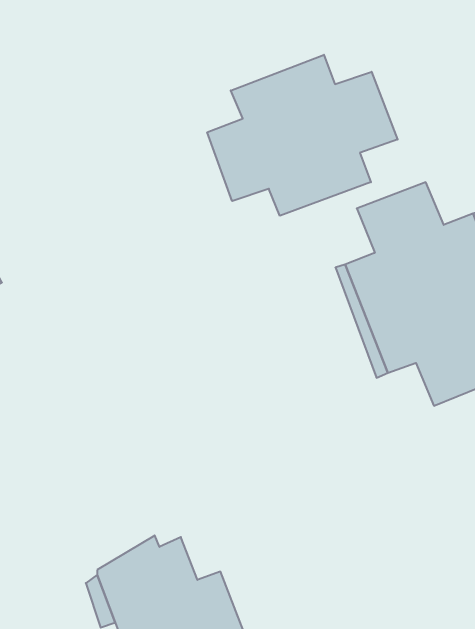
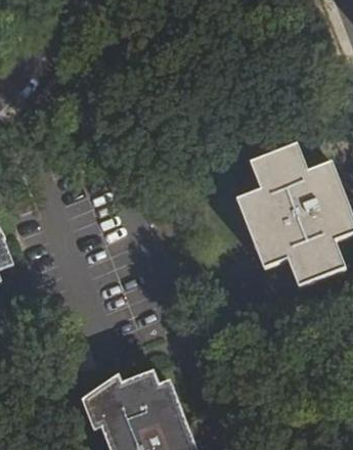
building: [207,55,398,216] -> none

